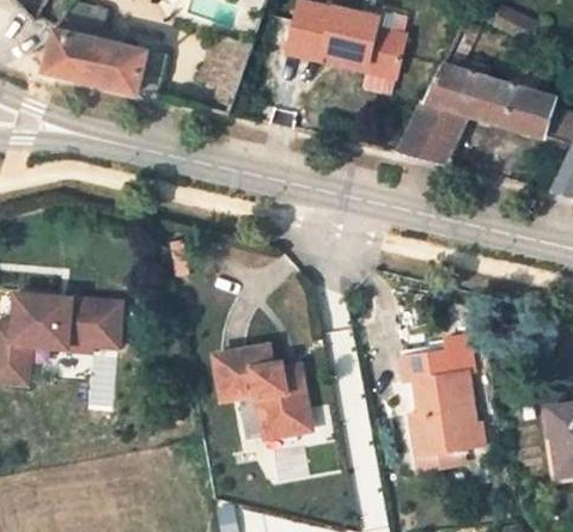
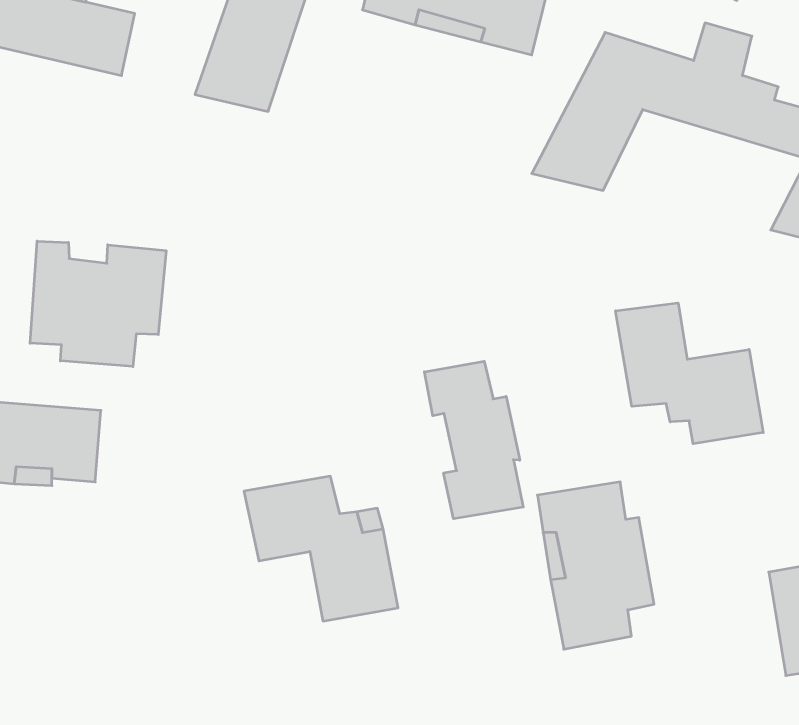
building: none -> [30,241,166,367]
building: none -> [616,303,763,444]
building: none -> [424,361,523,519]

